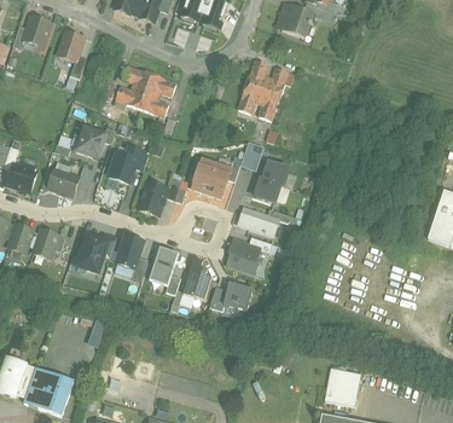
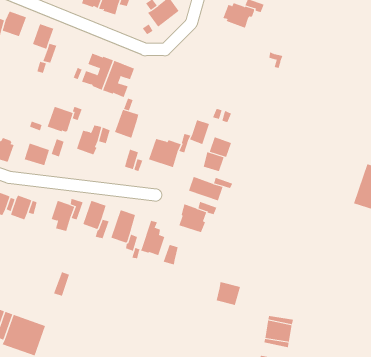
building: [238,59,289,120] -> none
building: [138,181,167,215] -> [114,109,139,138]
building: [223,282,252,309] -> [216,282,241,306]

